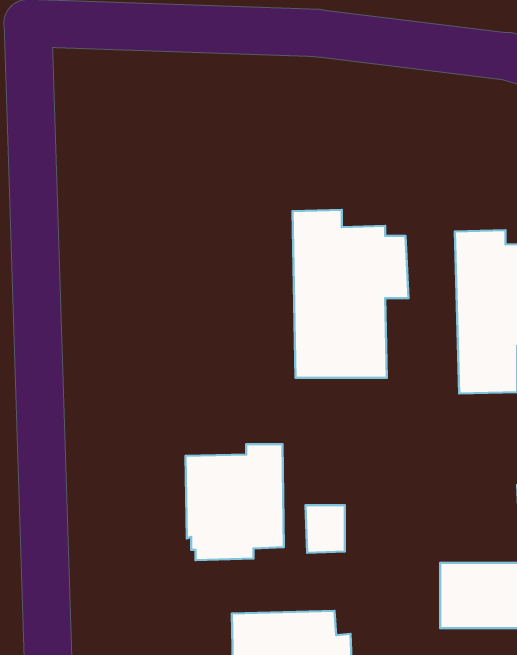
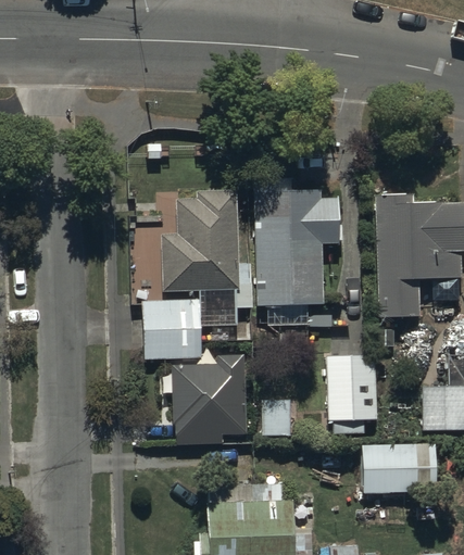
building: none -> [161,189,241,293]
building: none -> [143,299,203,360]
building: none -> [327,355,377,422]

